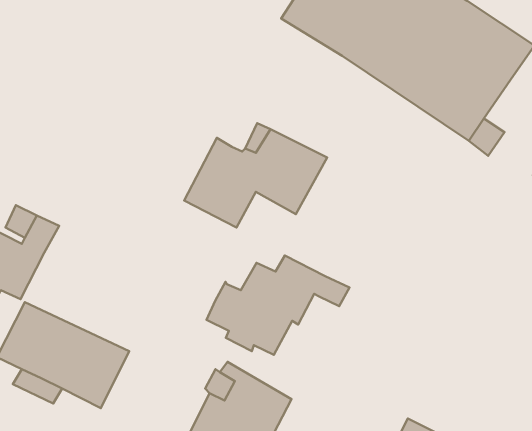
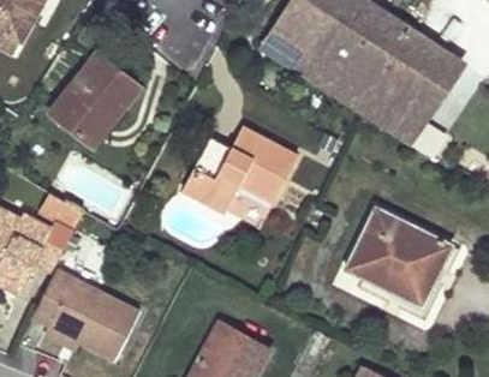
building: none -> [50,54,137,145]
building: none -> [345,208,453,306]
building: [206,255,350,355] -> none

